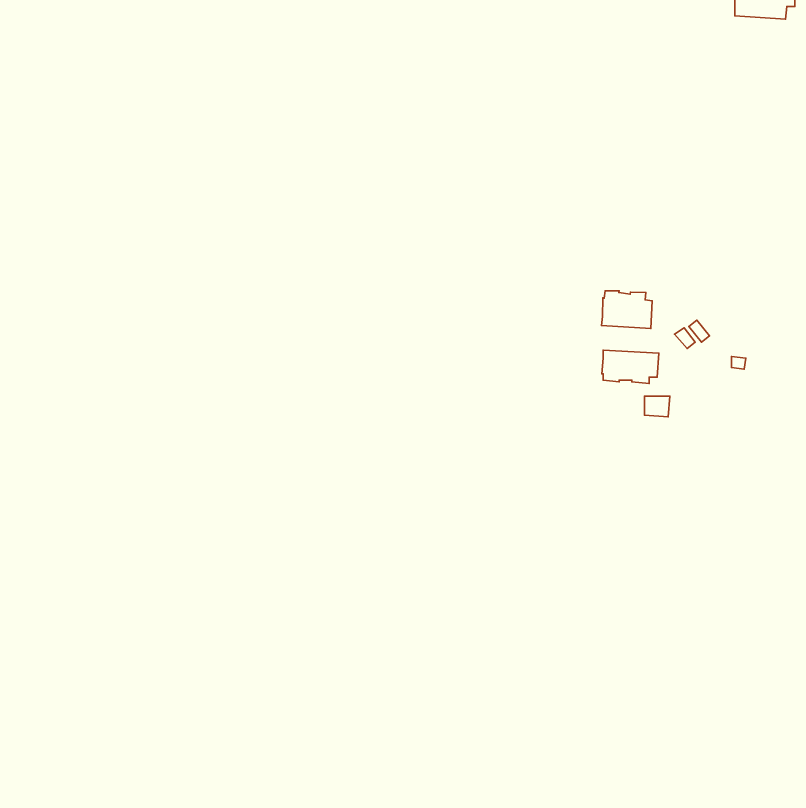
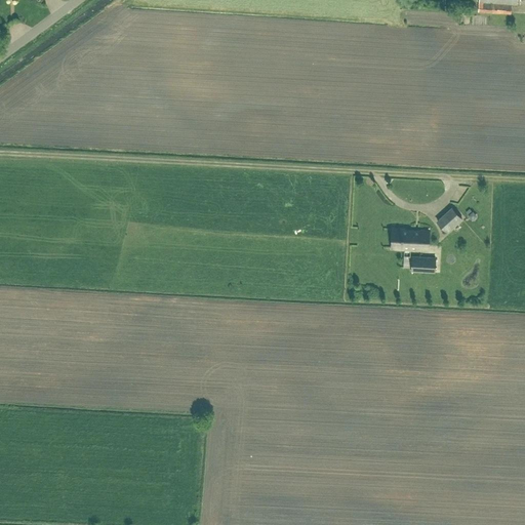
building: [601,291,652,328] -> none

